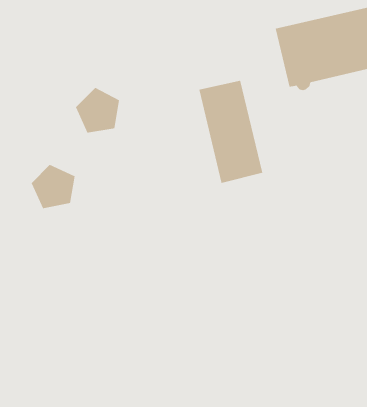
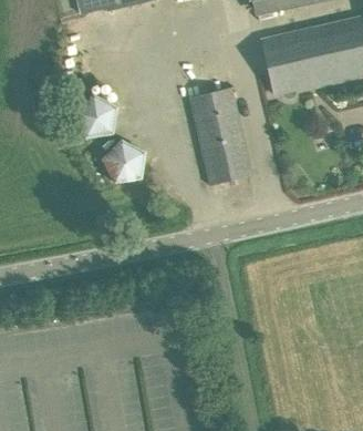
building: [31,164,75,209] -> [103,142,145,184]

